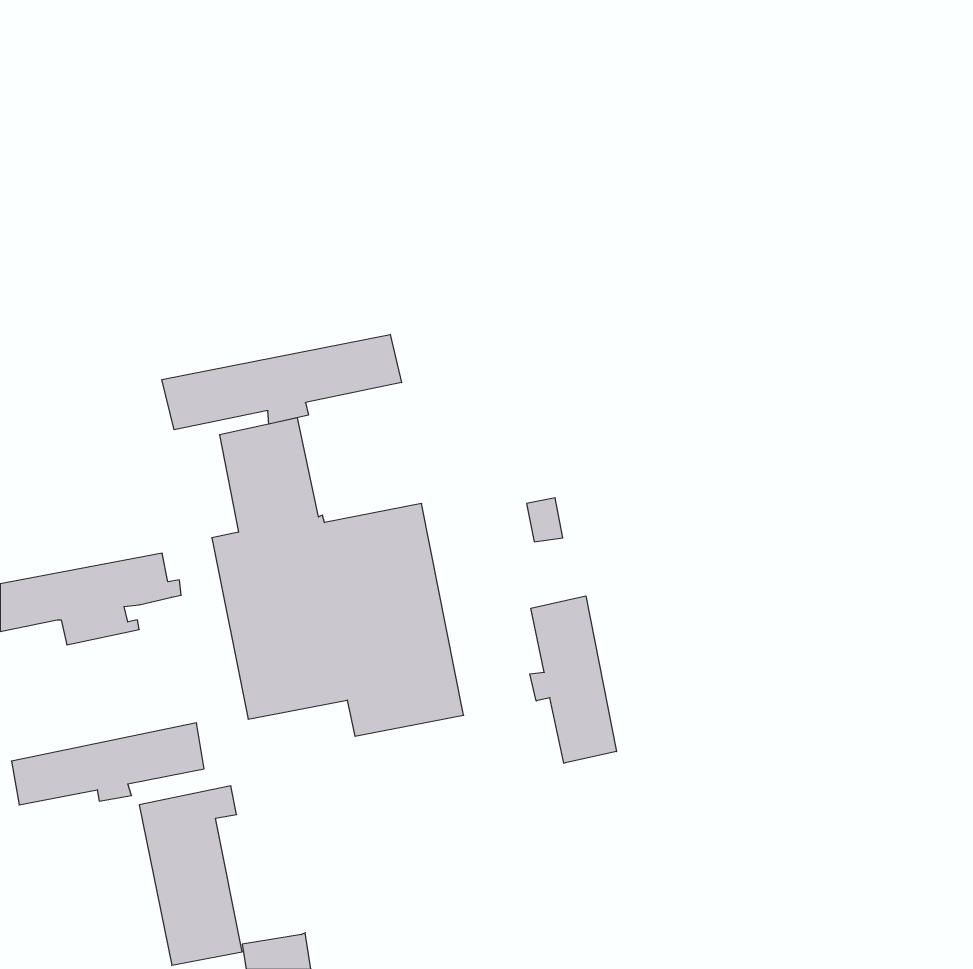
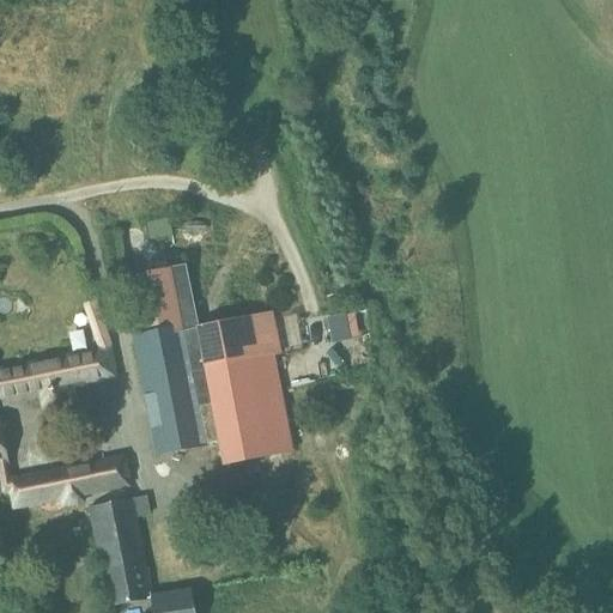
building: [162,334,402,430] -> none
building: [530,596,617,763] -> none

